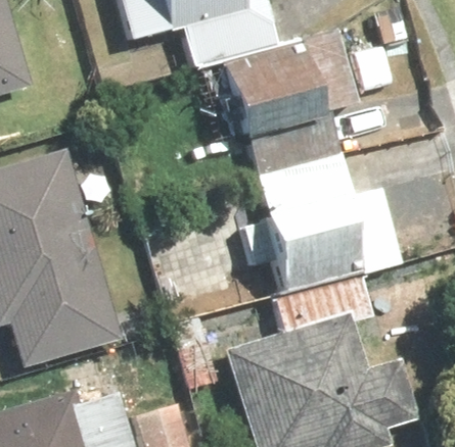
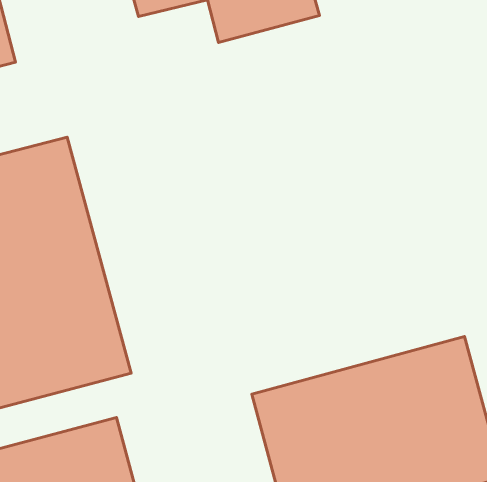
building: [221,39,367,169] -> none
building: [247,180,406,300] -> none

